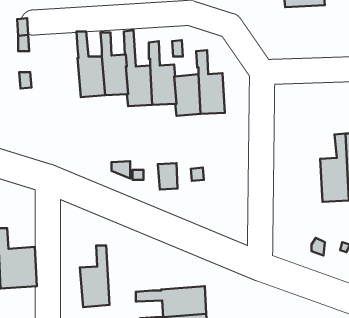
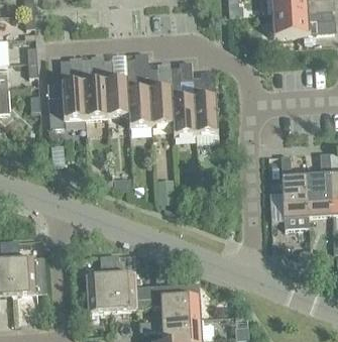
building: none -> [47,58,86,126]
building: none -> [268,153,309,226]
building: none -> [109,252,137,308]

